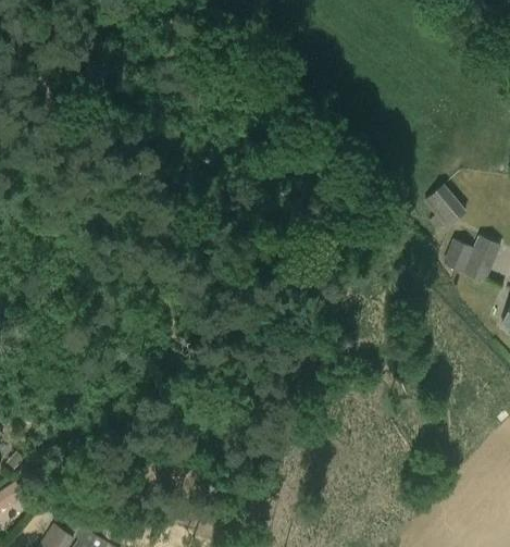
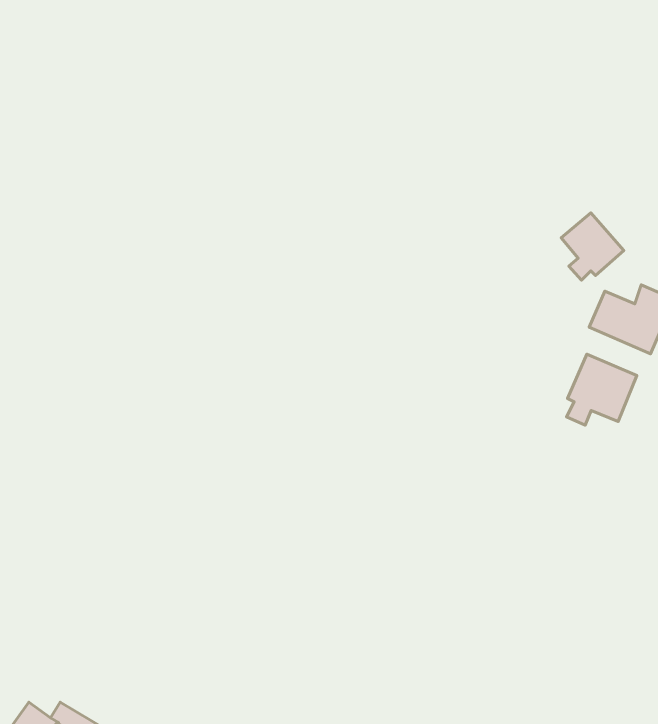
building: none -> [567,354,637,425]

